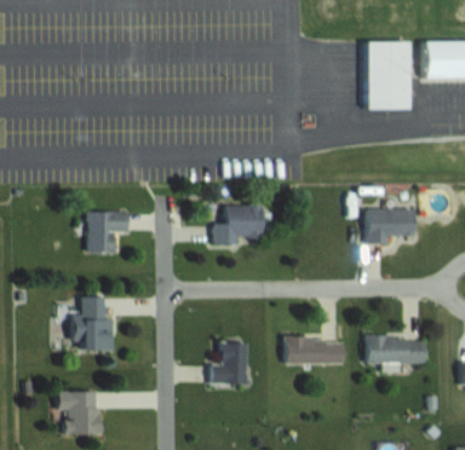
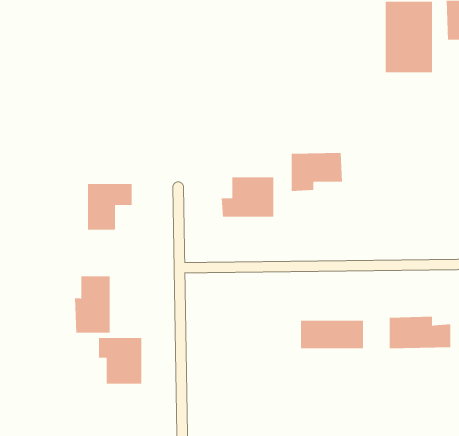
building: [366,208,414,244] -> [291,152,343,191]
building: [211,342,248,385] -> none
building: [56,391,97,434] -> [98,337,142,384]

